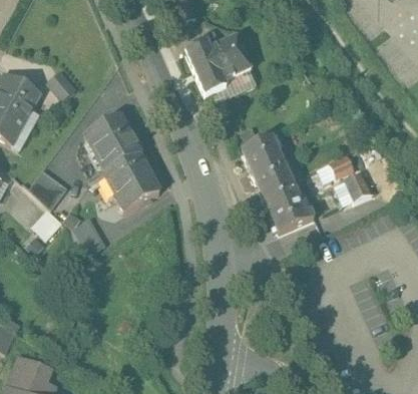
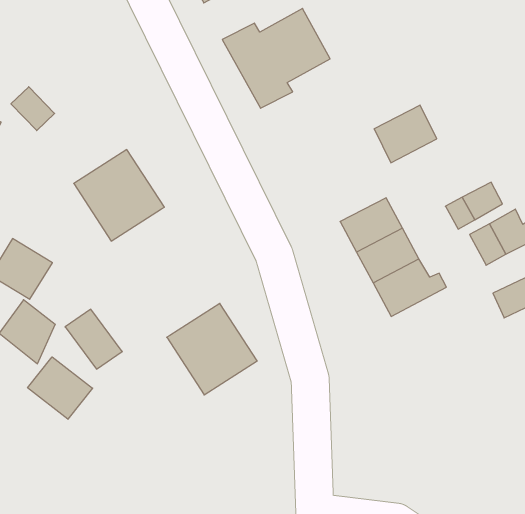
building: [242,134,281,169] -> [374,105,437,163]
building: [103,153,159,211] -> [167,303,257,395]
building: none -> [28,357,93,419]

